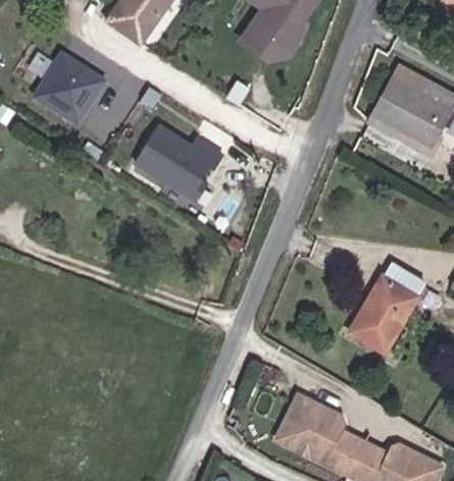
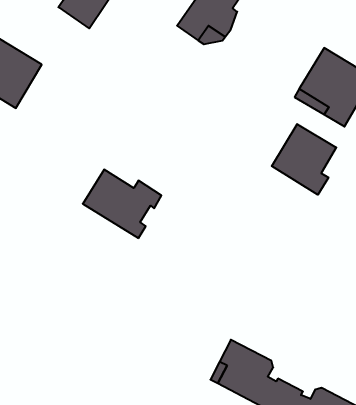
building: [141,123,228,199] -> [83,170,161,238]
building: none -> [272,124,336,195]
building: [346,273,417,352] -> none

